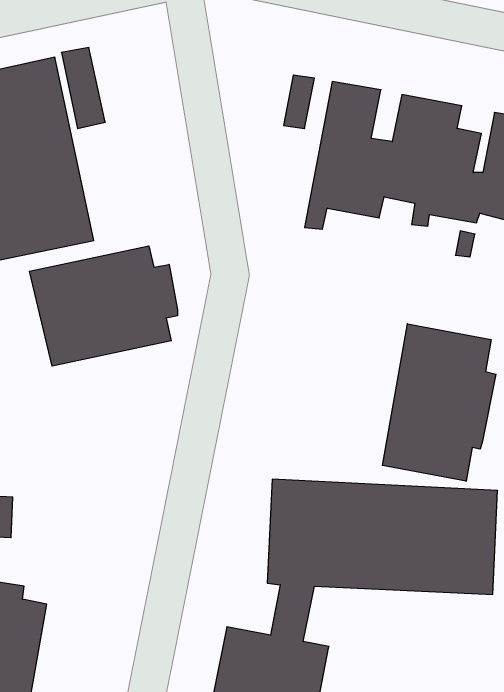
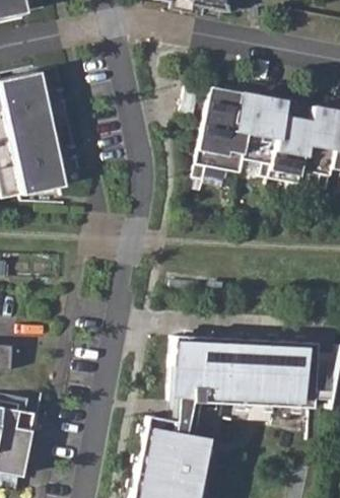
building: [29,246,178,366] -> none
building: [382,324,496,481] -> none

